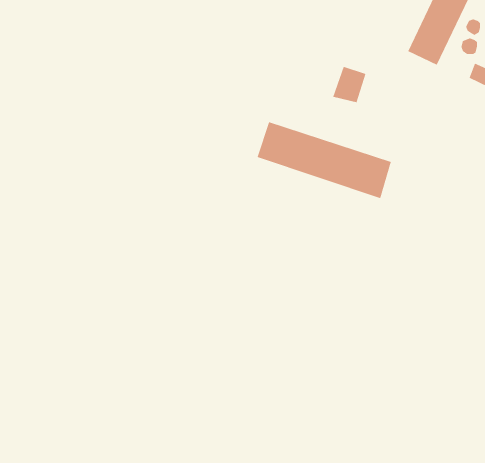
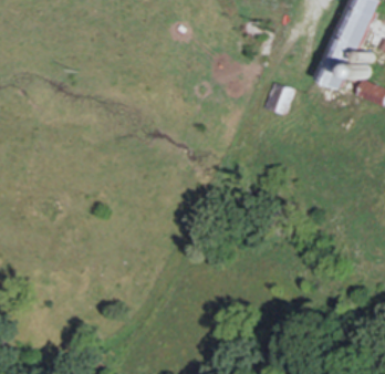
building: [257,121,392,199] -> none

